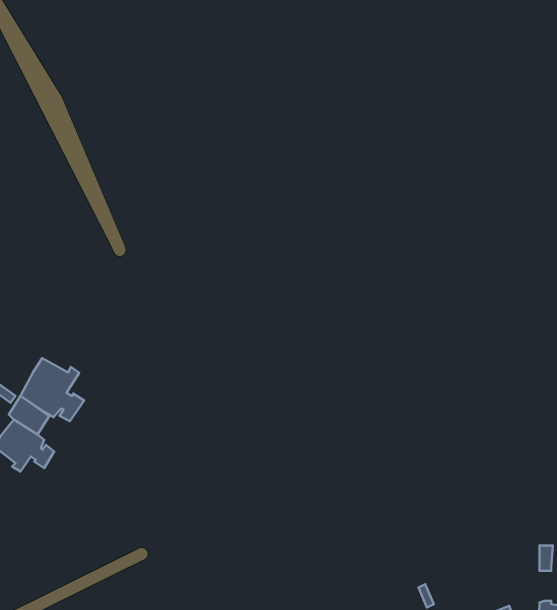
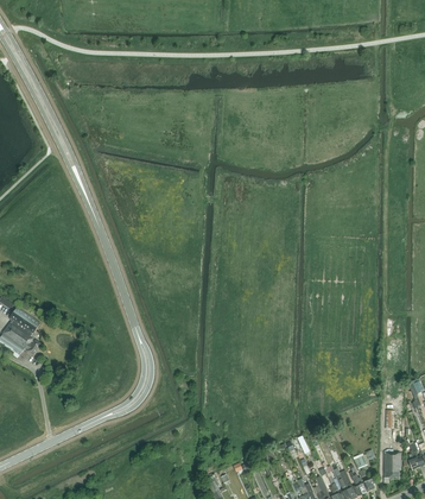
building: [20,358,84,421] -> none

